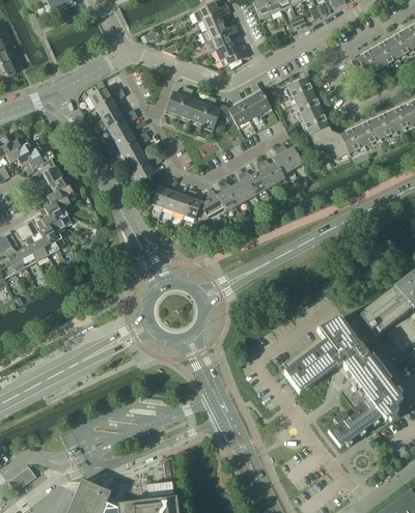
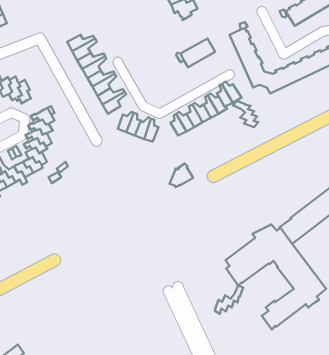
building: [166,93,220,129] -> none
building: [37,150,63,184] -> none
building: none -> [233,101,258,127]
building: [195,191,224,220] -> [170,164,193,187]
building: none -> [215,285,243,314]

